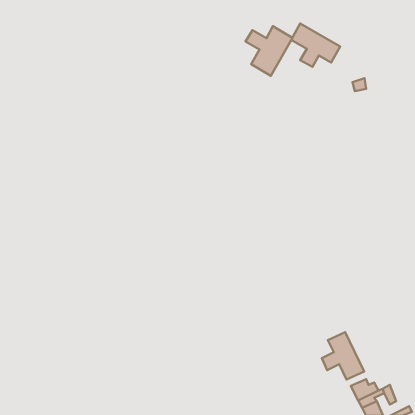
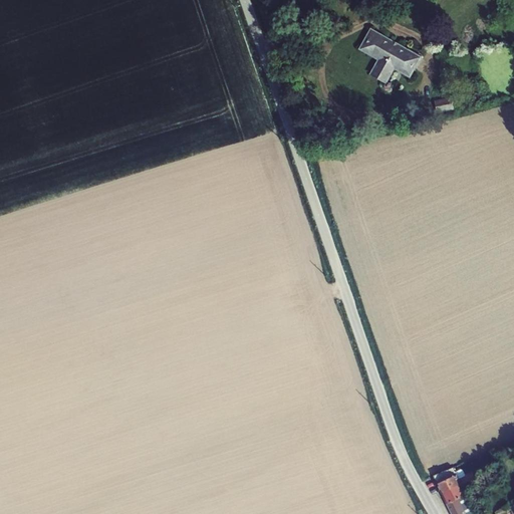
building: [245,26,292,76] -> none
building: [322,332,364,379] -> none

